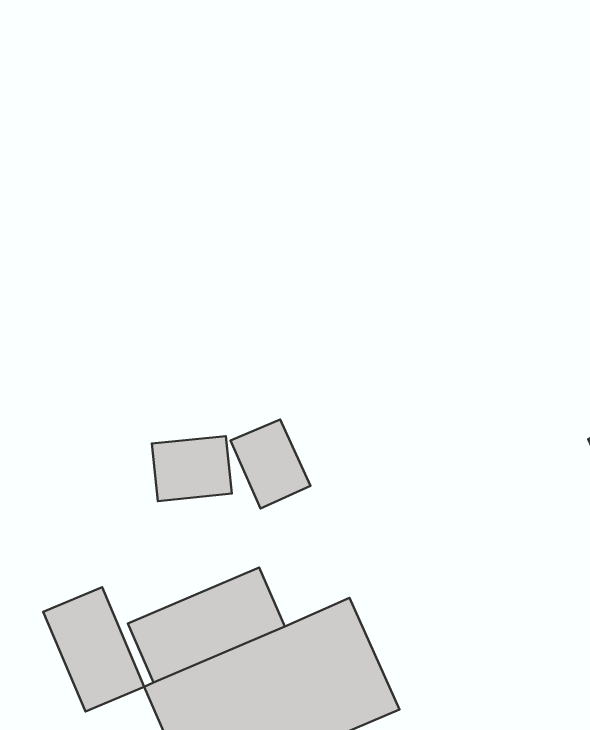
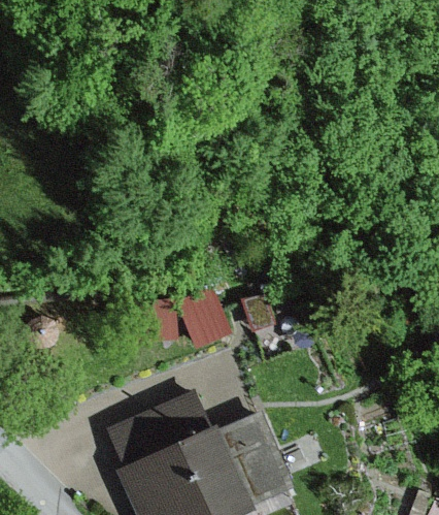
building: [43,587,144,711] -> none

